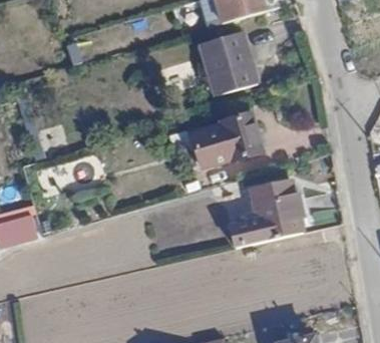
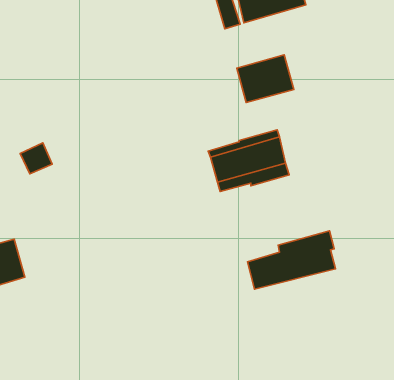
building: [213,28,259,61] -> none
building: [249,179,297,211] -> none

